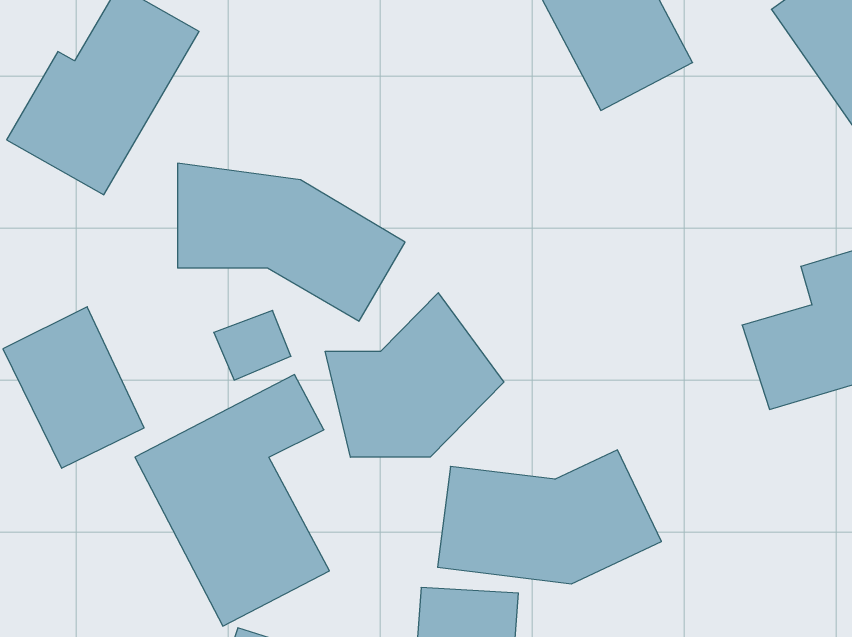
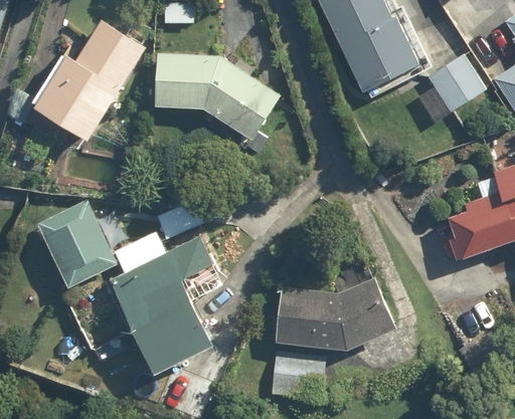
building: none -> [417,53,482,120]
building: [178,163,405,321] -> [155,51,280,138]
building: [325,293,504,457] -> none

